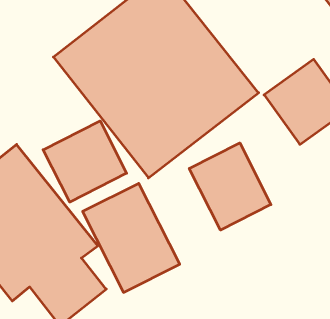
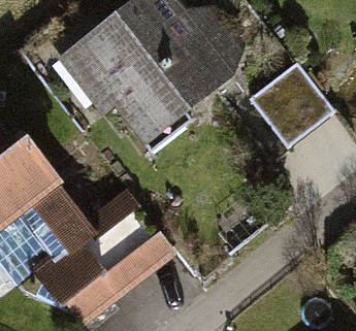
building: [43,121,127,202] -> none
building: [189,143,271,230] -> none

